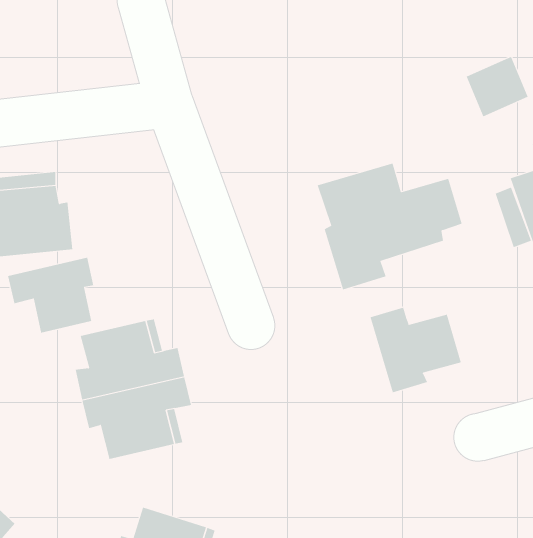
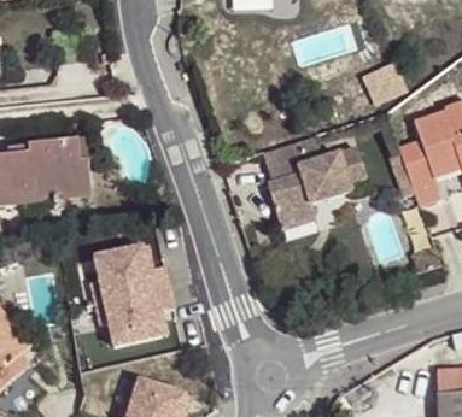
building: [8,257,94,333] -> none
building: [370,307,461,393] -> none

